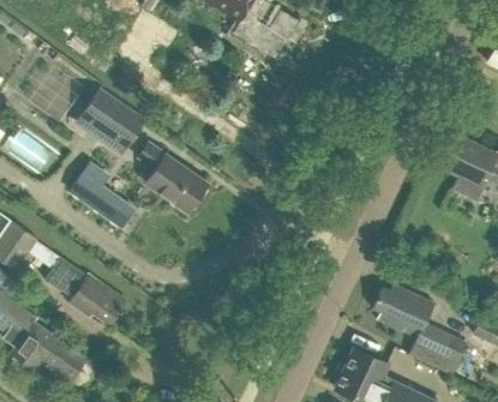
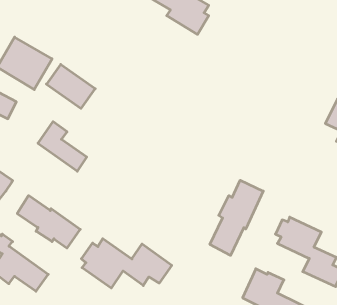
building: [139,143,208,212] -> none
building: none -> [210,180,263,255]
building: none -> [81,239,172,288]

